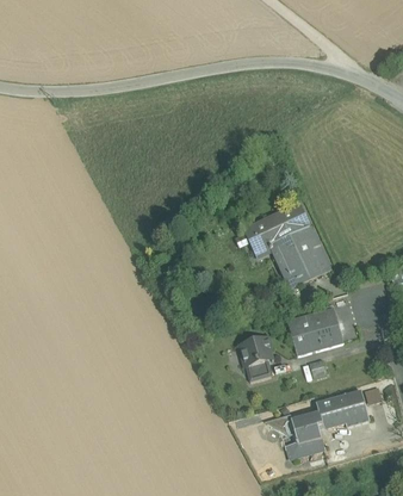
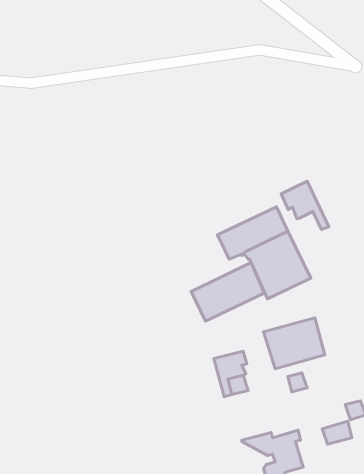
building: none -> [281,181,329,229]
building: none -> [191,262,264,321]
building: [316,390,365,427] -> none

